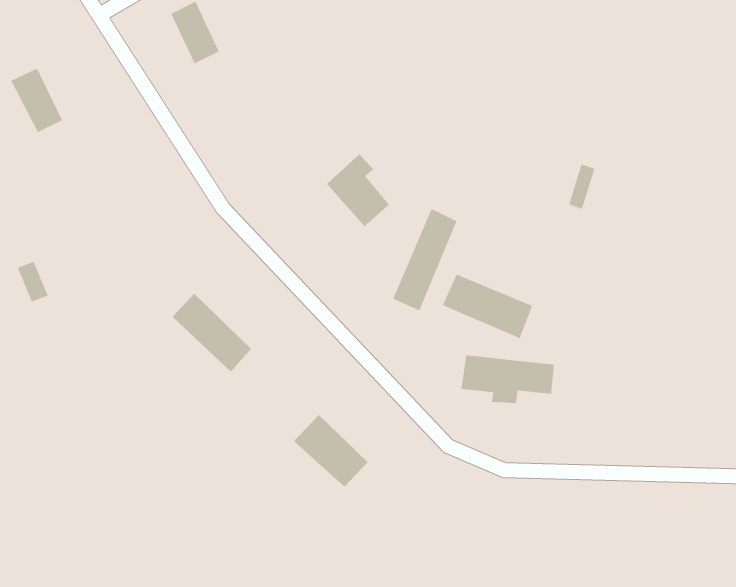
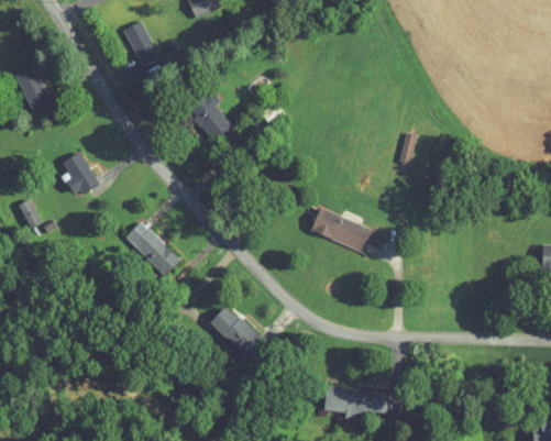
building: [326,154,390,227] -> [188,91,232,142]
building: none -> [62,153,99,198]
building: [392,208,457,311] -> none
building: [461,354,555,404] -> [324,385,389,419]

